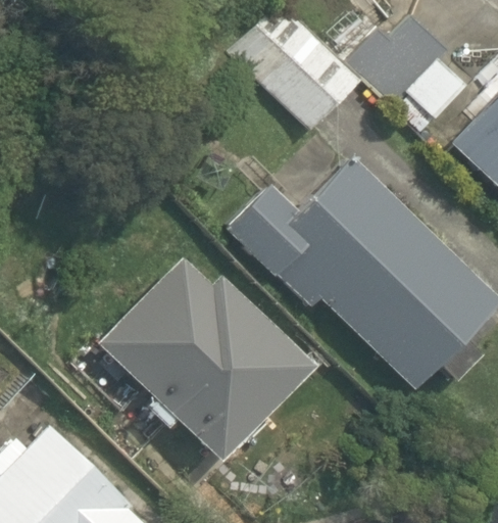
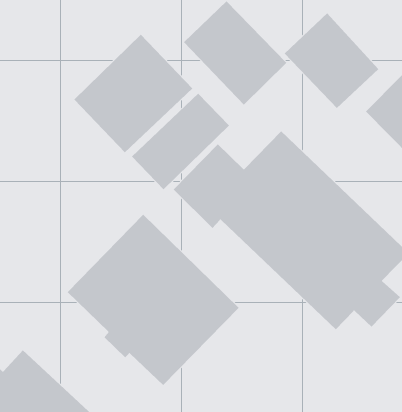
building: none -> [74,34,193,153]
building: none -> [131,93,230,190]

